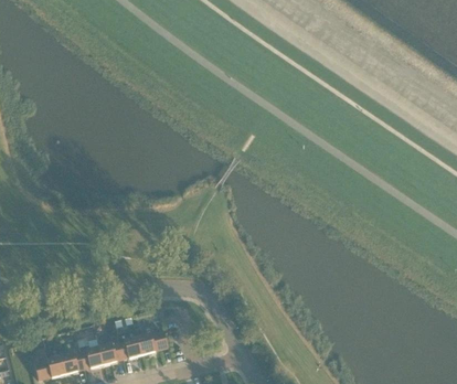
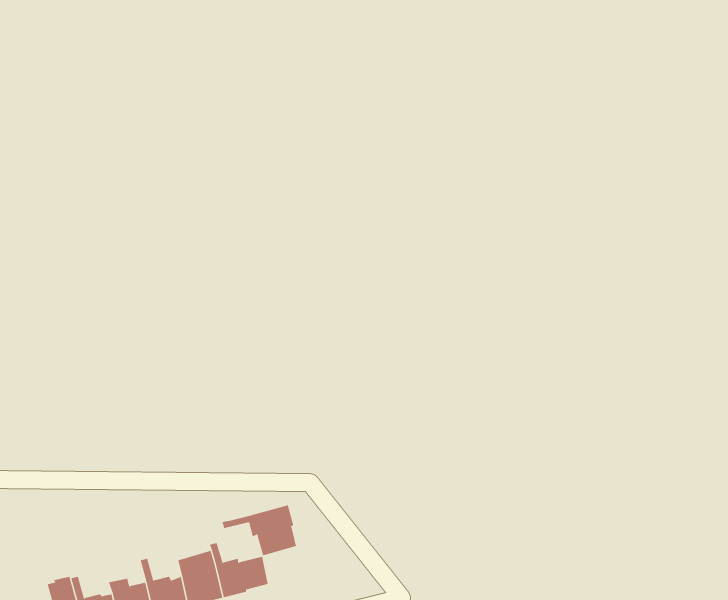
building: none -> [222,504,296,556]

